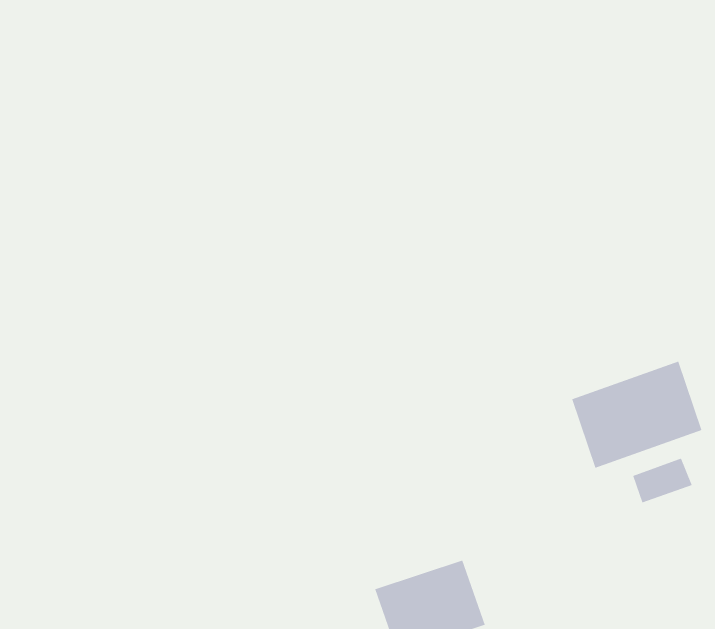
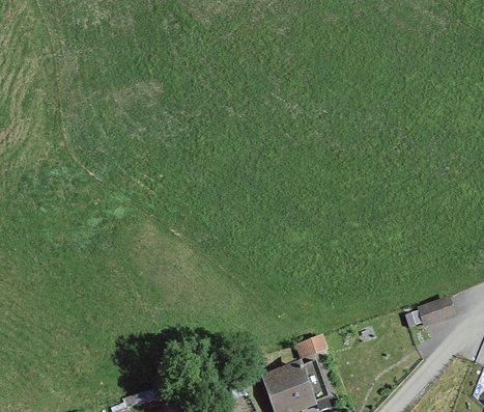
building: [571,361,702,469] -> none

